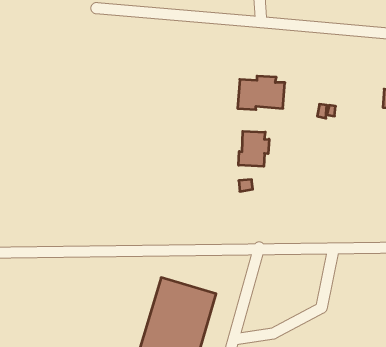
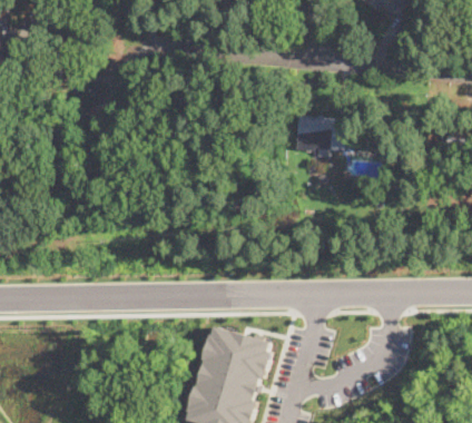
building: [239,131,269,166] -> none

